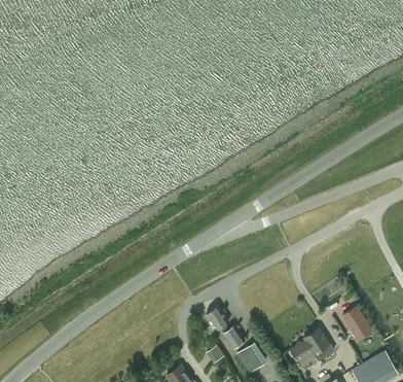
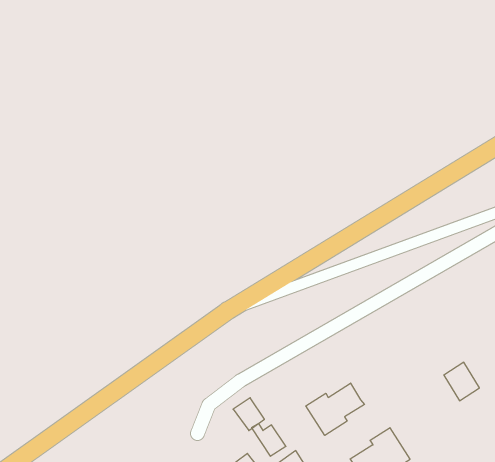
building: none -> [306,383,364,435]
building: [341,307,367,335] -> [444,362,479,401]

